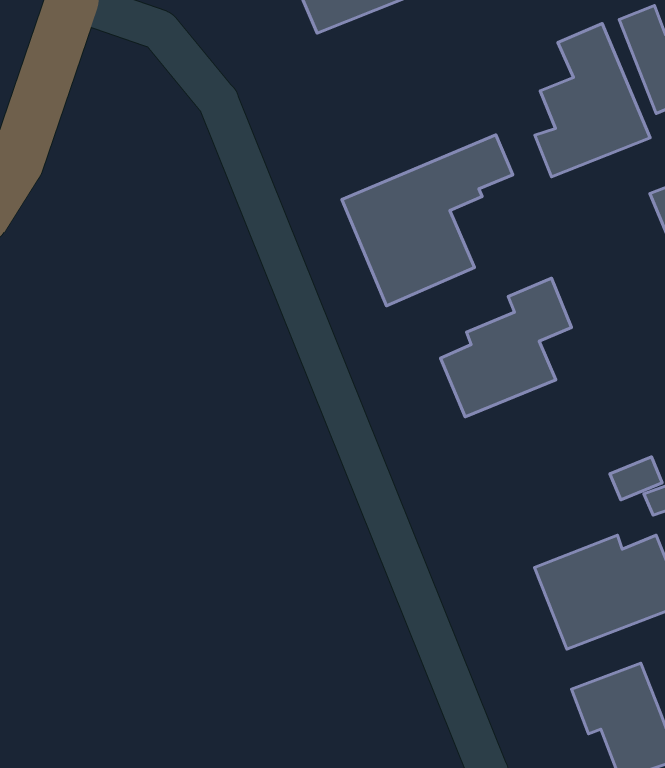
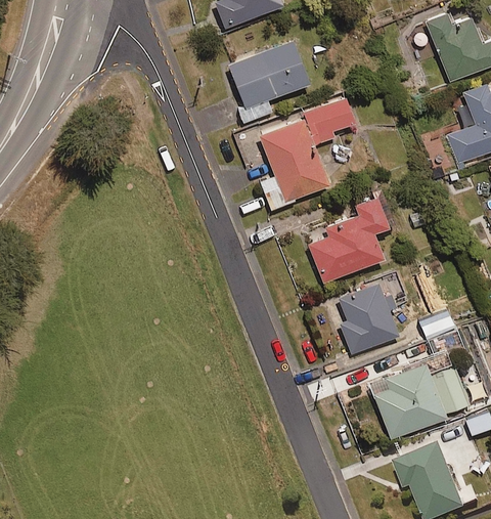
building: [535,24,650,177] -> none
building: none -> [228,39,310,121]
building: none -> [330,283,400,355]

